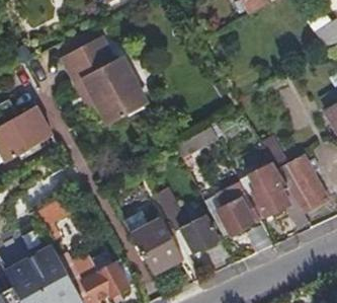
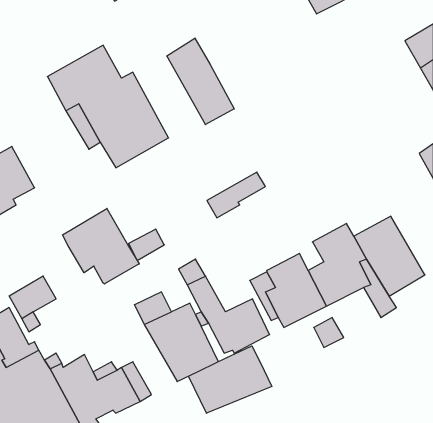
building: none -> [167,38,234,125]
building: none -> [63,208,139,284]
building: none -> [189,346,272,413]

